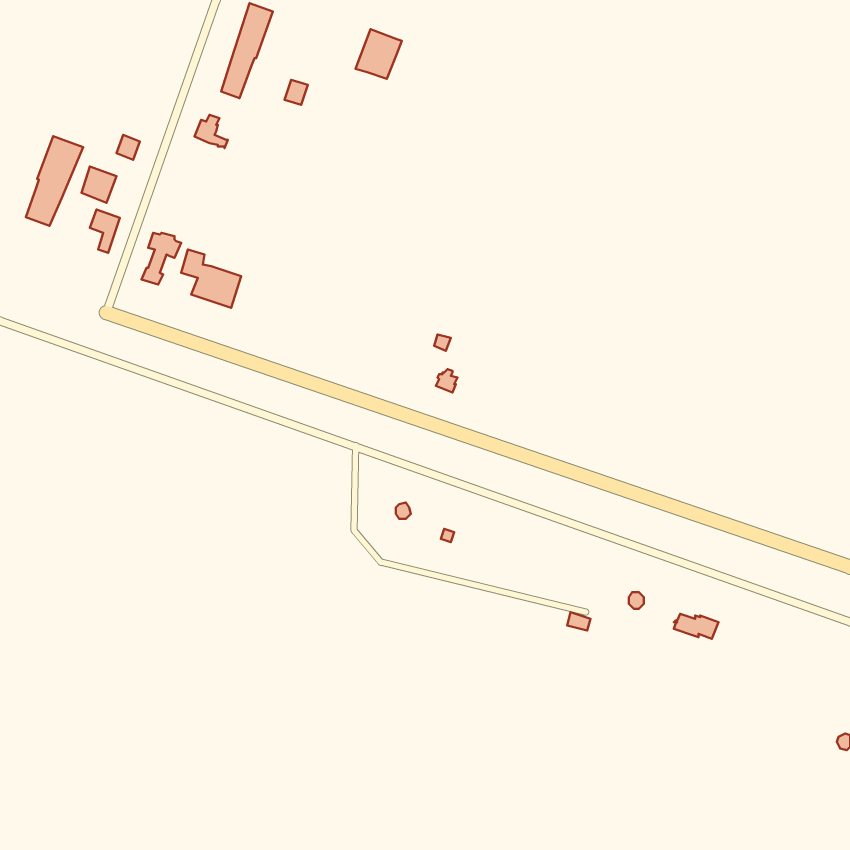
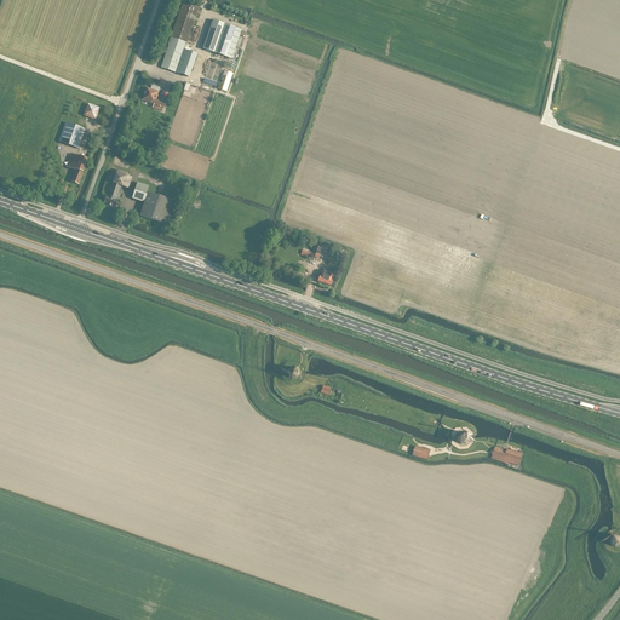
building: [355,29,402,79] -> [202,19,236,56]
building: [26,136,83,226] -> none

